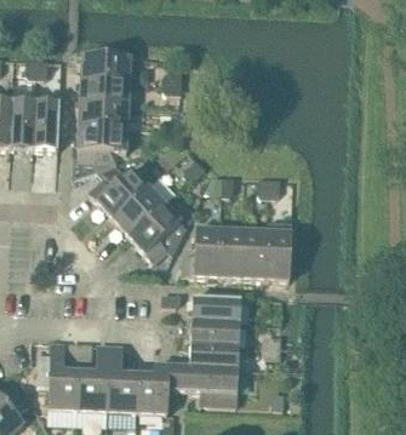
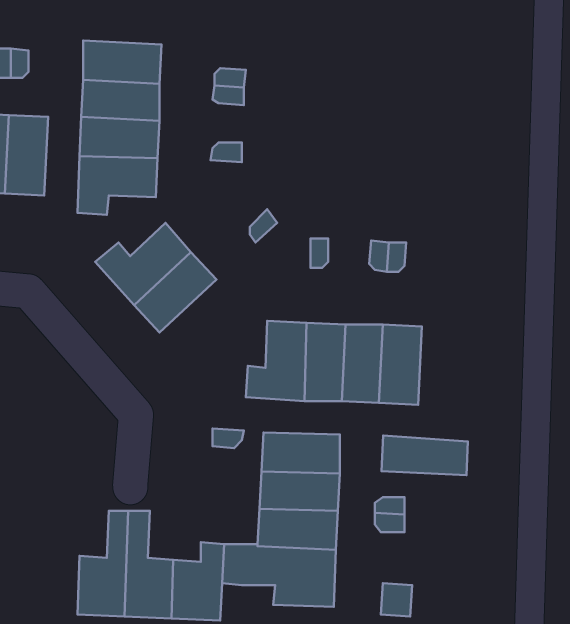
building: [128,201,181,261] -> none
building: none -> [381,436,468,475]
building: [47,342,79,408] -> none

